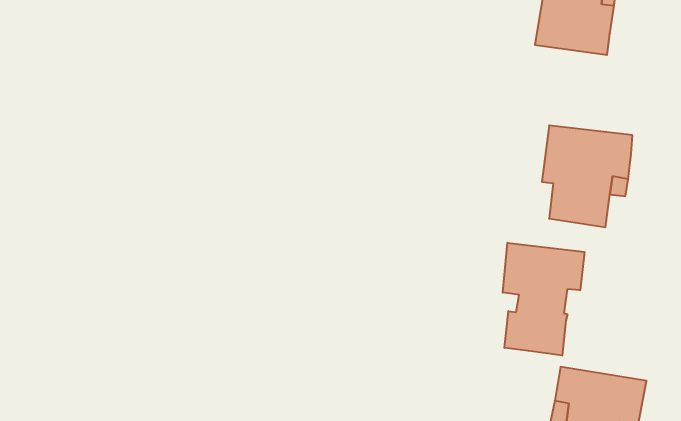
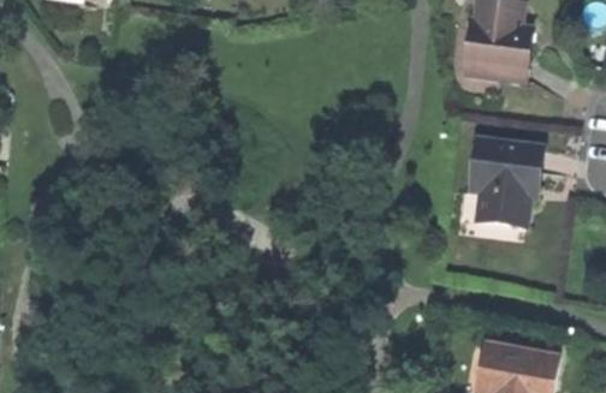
building: [503,243,584,356] -> none

